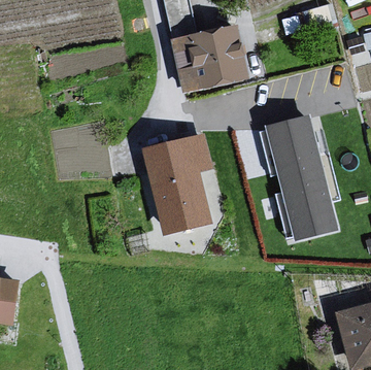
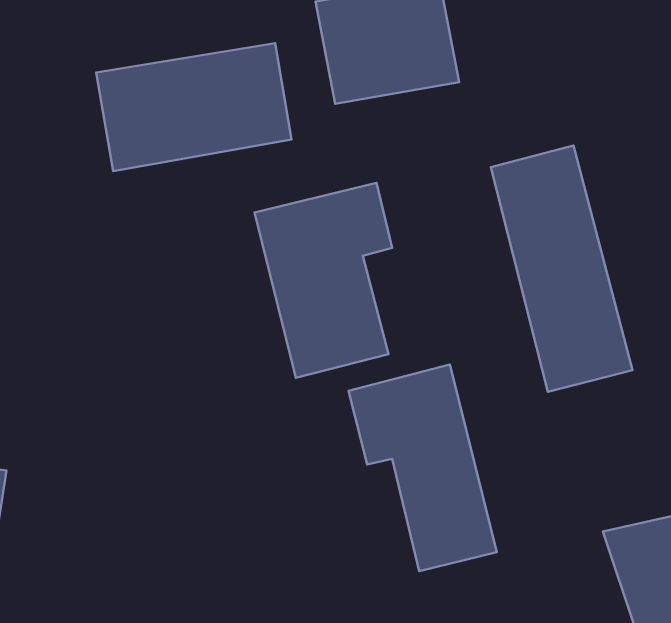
building: none -> [96,43,292,171]
building: none -> [348,364,497,571]

